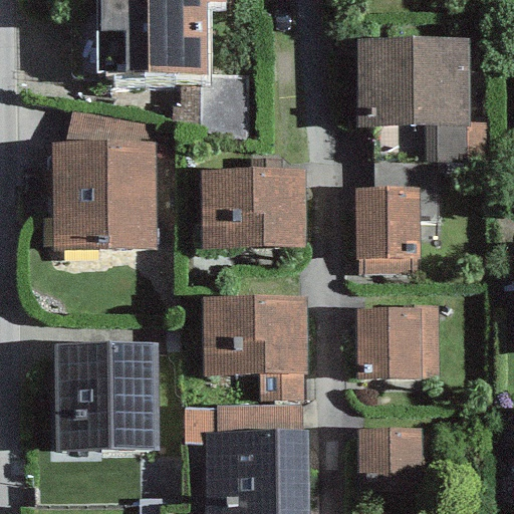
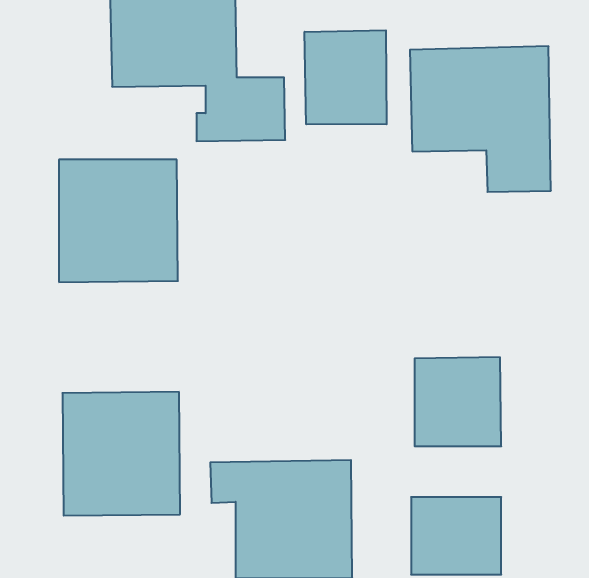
building: none -> [305,30,387,124]
building: [200,165,306,245] -> none
building: [357,190,423,269] -> none
building: [203,295,304,395] -> none

